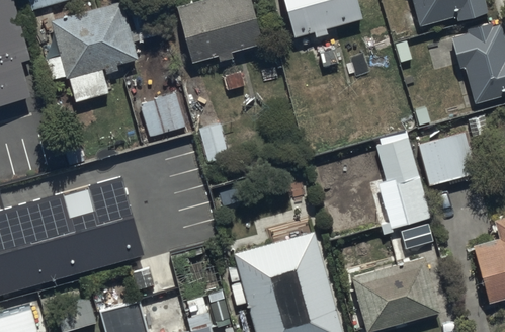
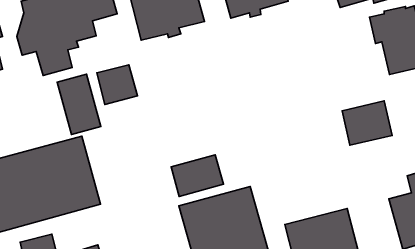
building: none -> [57,74,101,134]
building: [377,136,430,226] -> none
building: none -> [171,155,223,197]

